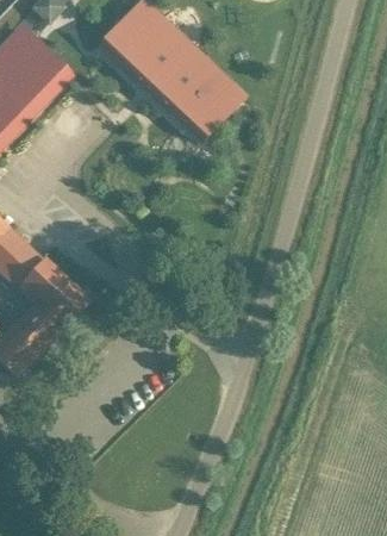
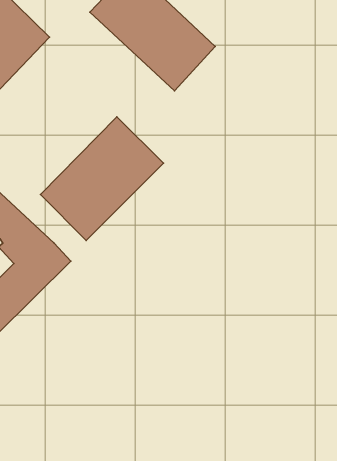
building: none -> [41,117,164,240]

